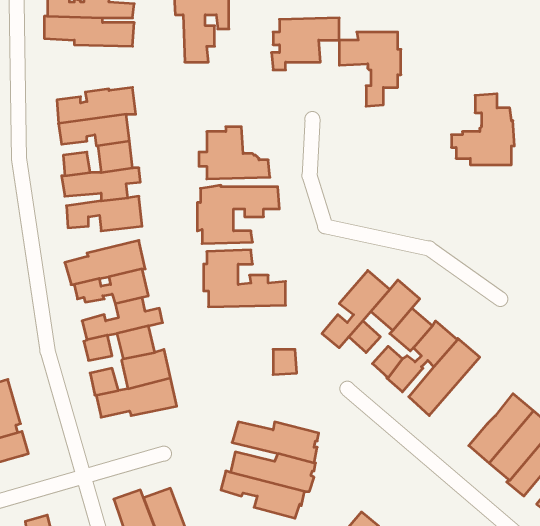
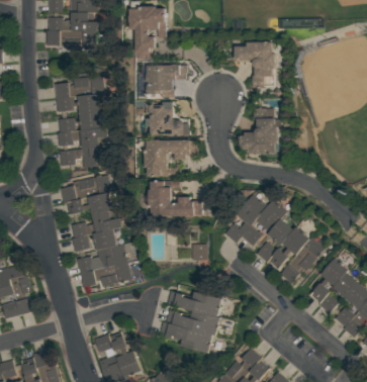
building: [271,18,339,70] -> [142,65,185,98]
building: [451,94,514,165] -> [237,107,277,153]
building: none -> [308,258,348,305]

